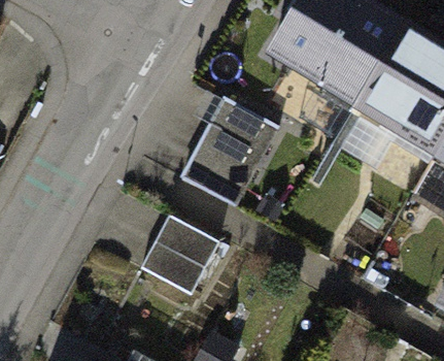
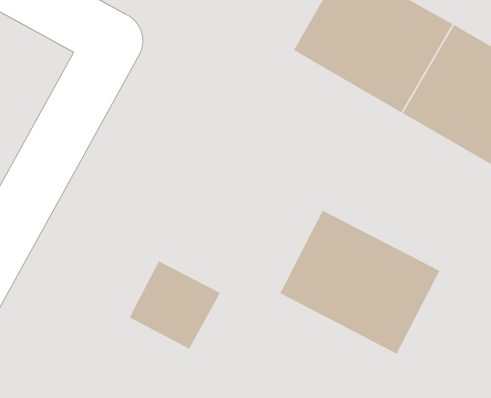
building: [182,104,276,207] -> none
building: none -> [279,210,440,354]

